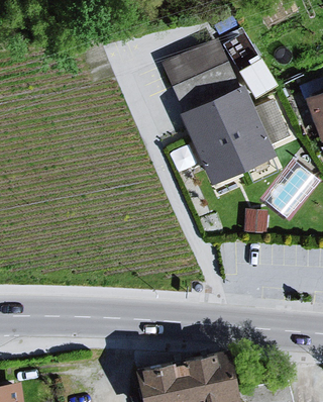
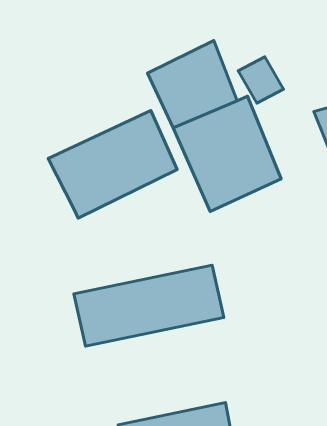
building: none -> [48,111,177,218]
building: none -> [74,265,224,346]

